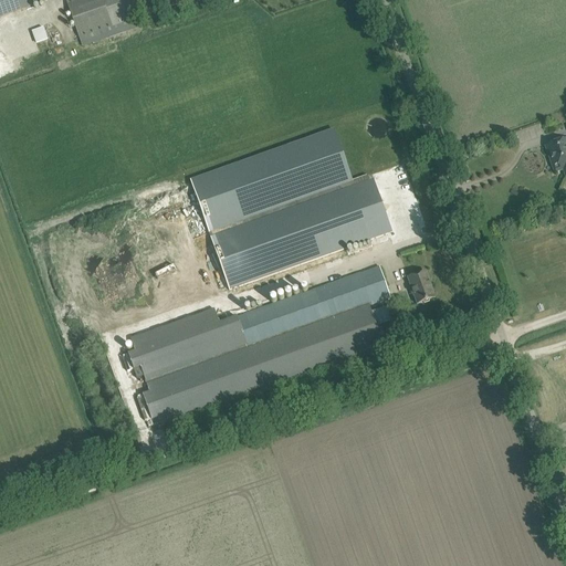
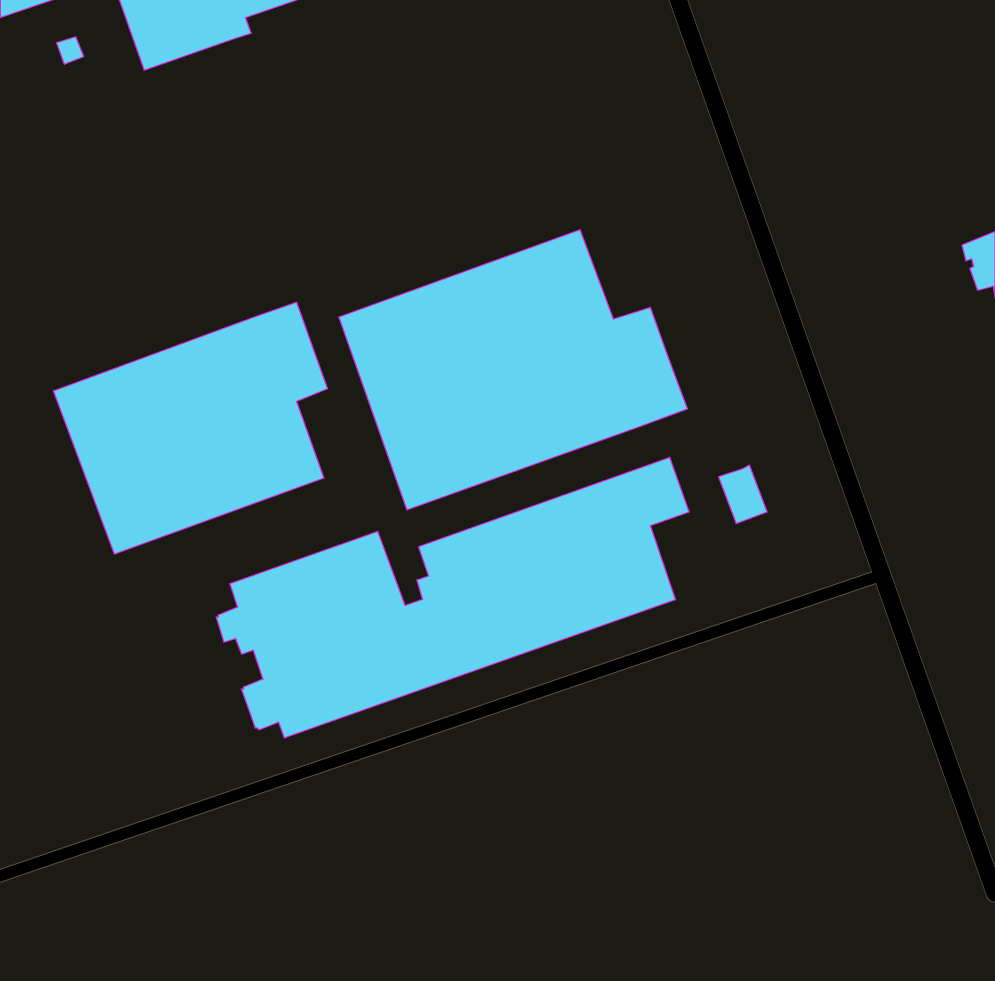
building: none -> [54,302,328,554]

